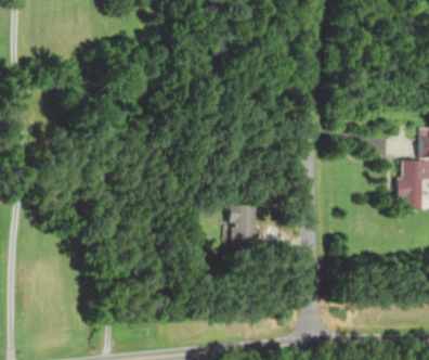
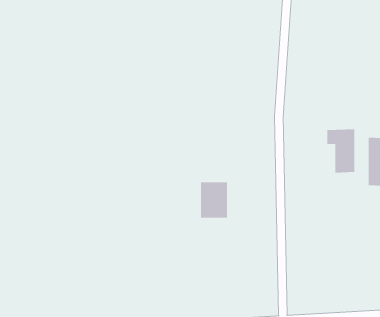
building: none -> [326,129,355,173]

